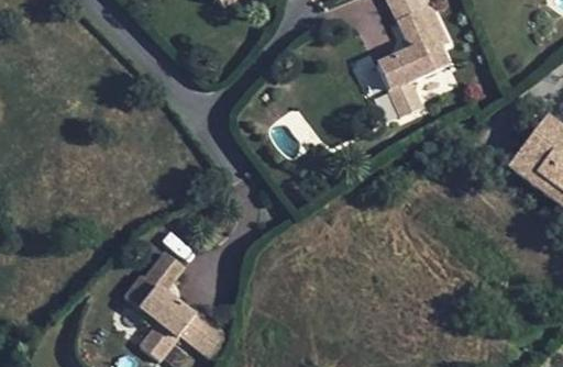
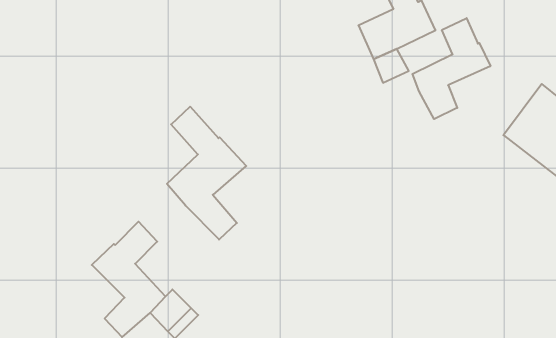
building: none -> [412,18,490,119]
building: none -> [167,107,246,240]

